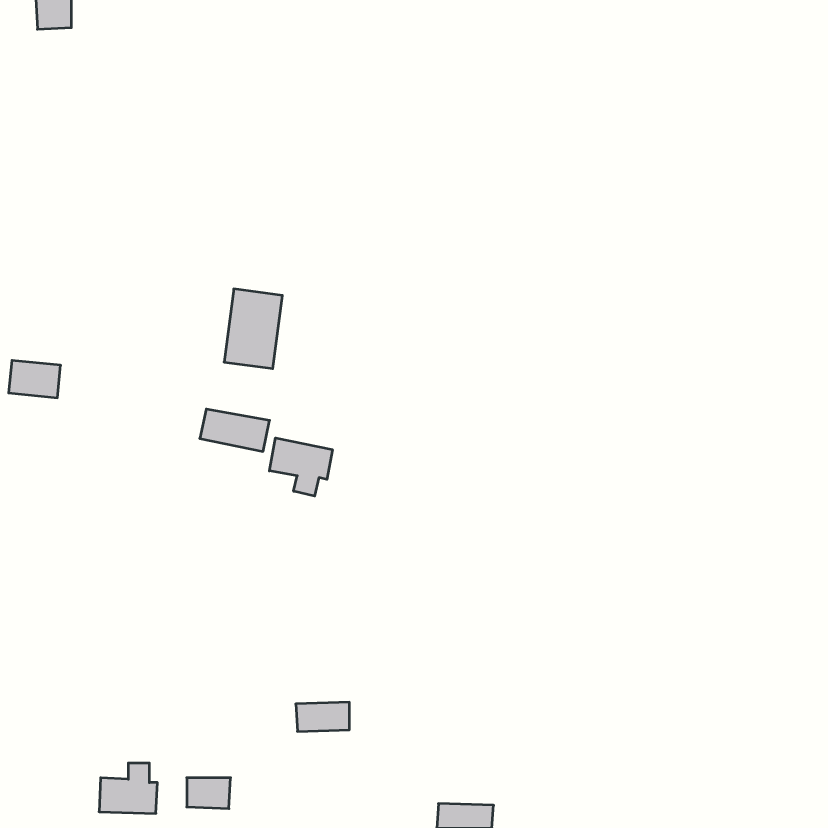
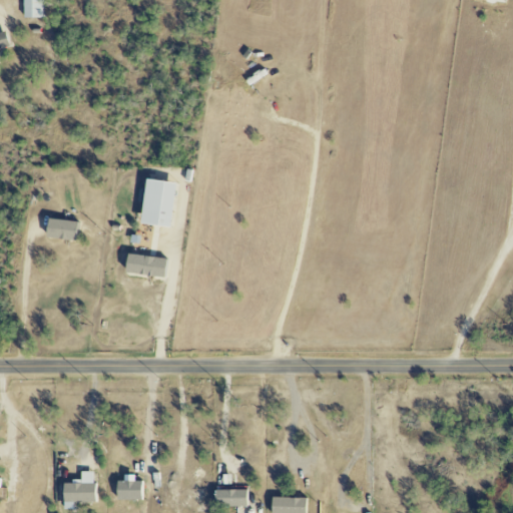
building: [9,360,61,398] -> [45,217,77,240]
building: [269,438,332,496] -> none
building: [296,702,349,731] -> [213,488,246,506]

